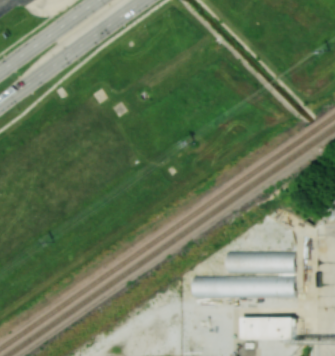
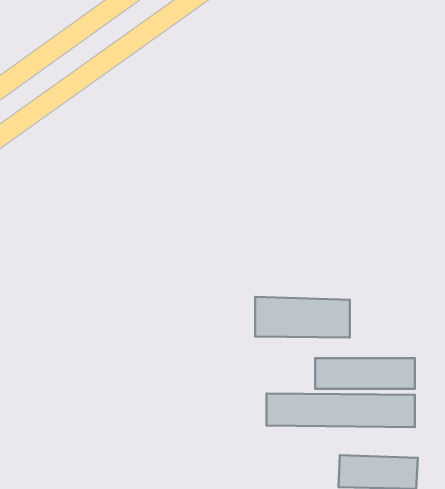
building: none -> [255,297,350,338]

